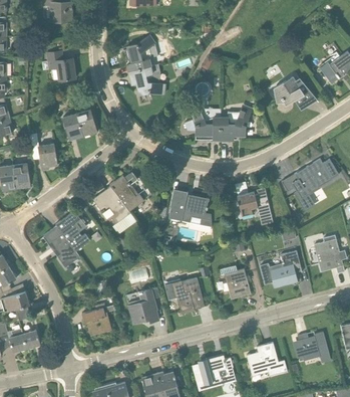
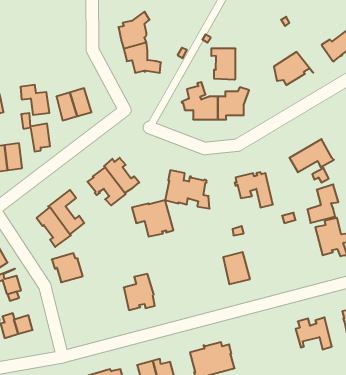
building: [47,51,75,80] -> [20,85,49,115]
building: none -> [211,48,235,80]
building: [271,250,301,287] -> [307,184,338,223]
building: [164,277,205,313] -> [132,200,173,237]
building: [81,308,111,336] -> [52,253,83,282]
building: [246,342,279,371] -> none

